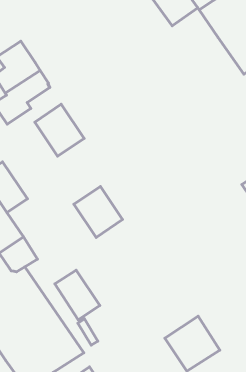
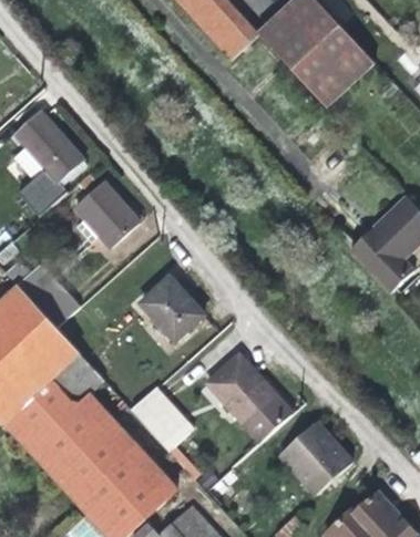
building: none -> [204,352,293,444]

